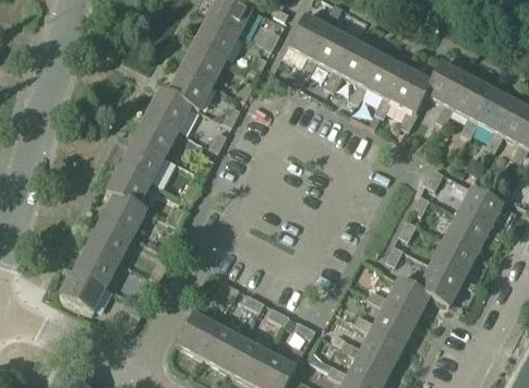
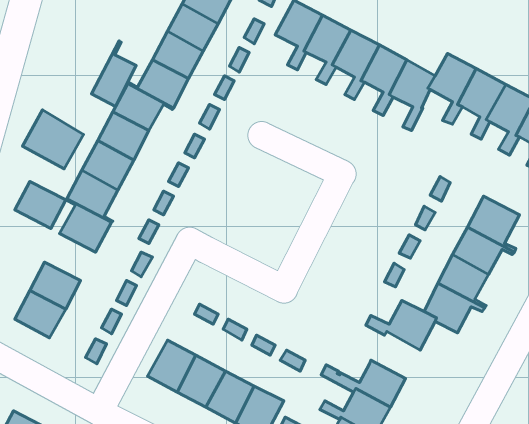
building: none -> [92,41,136,107]
building: none -> [22,110,84,169]
building: [86,218,131,259] -> [15,181,66,229]
building: [356,304,417,345] -> none

